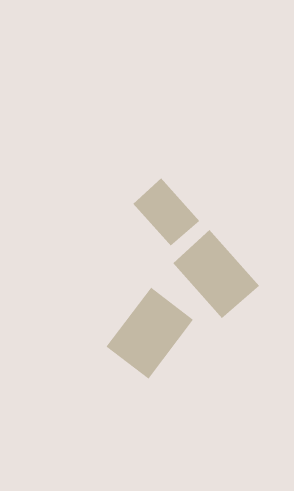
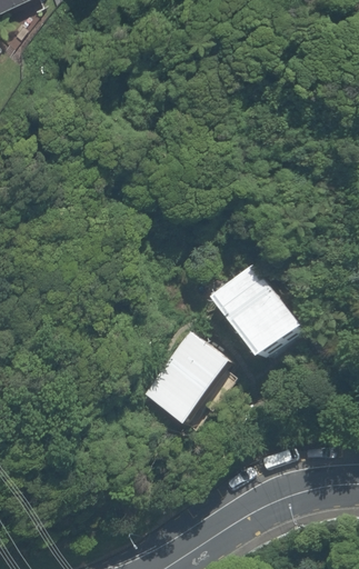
building: [133,177,200,247] -> none

